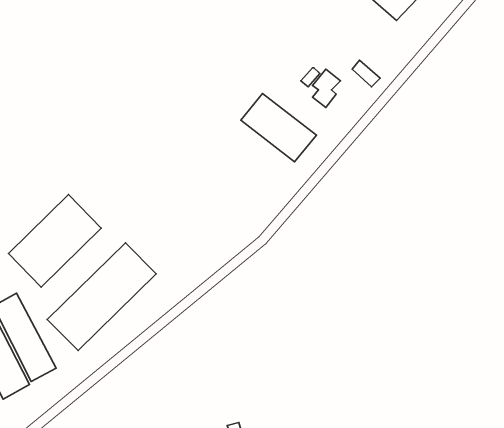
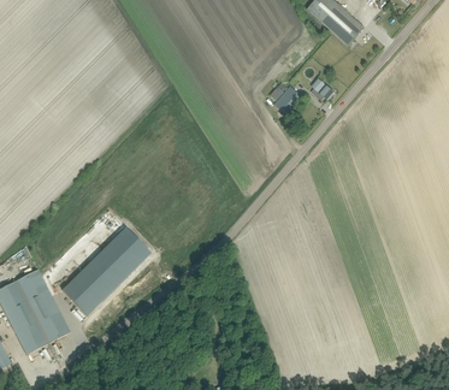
building: [241,93,316,162] -> none
building: [8,194,101,287] -> none

